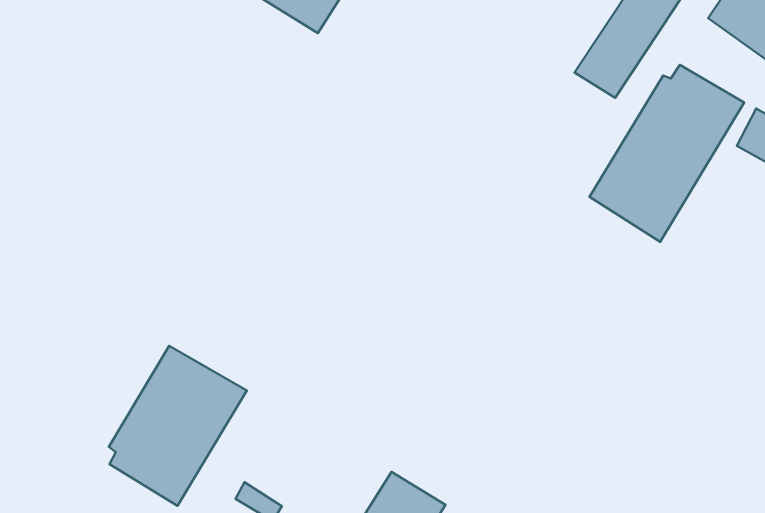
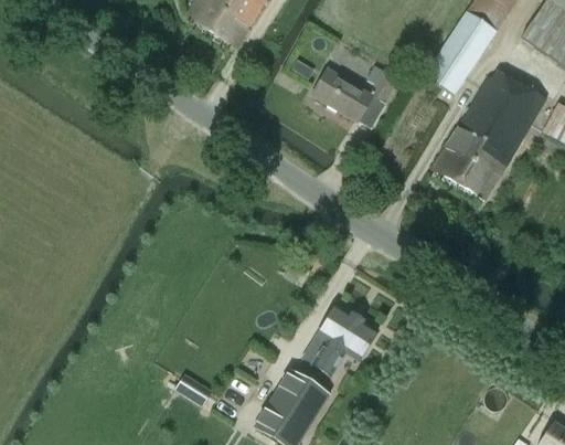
building: none -> [311,67,398,120]
building: [109,346,247,506] -> none
building: none -> [312,304,377,374]

